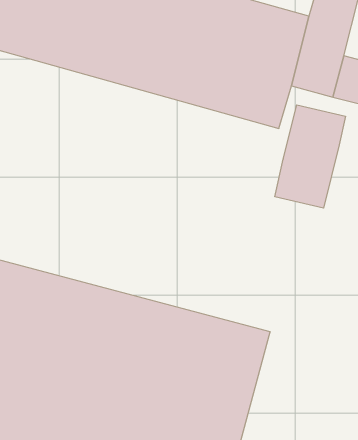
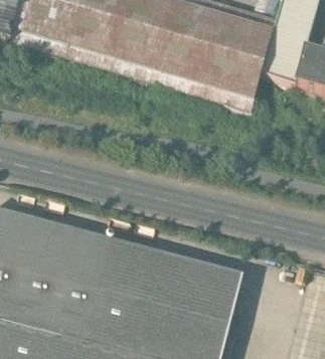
building: [275,105,345,208] -> none

